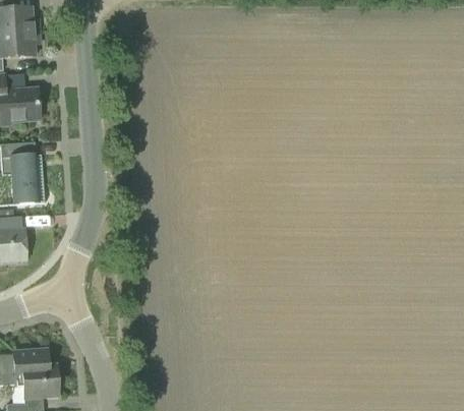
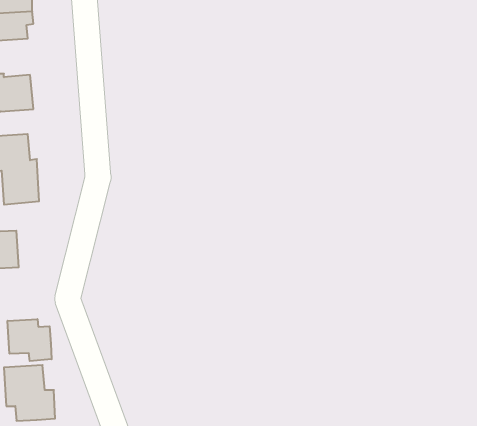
building: none -> [8,319,52,361]

